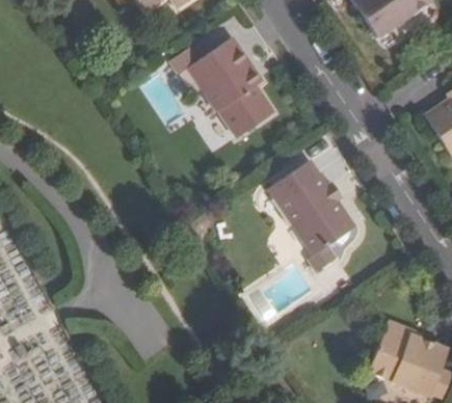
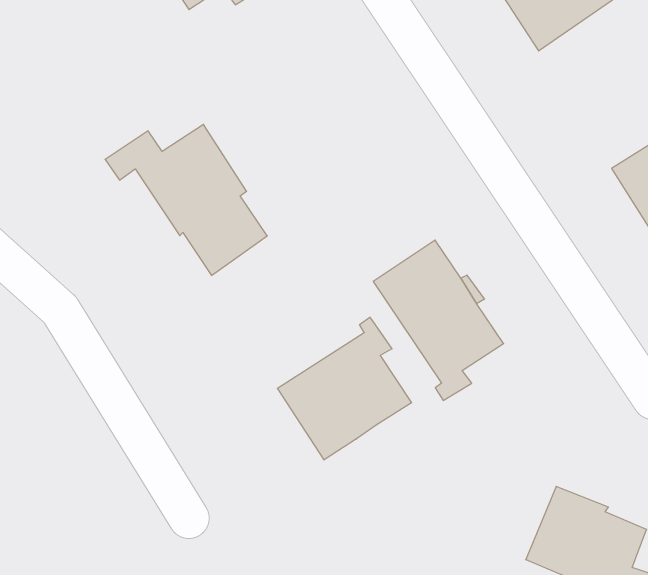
building: [168,38,274,137] -> [105,124,267,275]
building: none -> [277,317,412,460]

